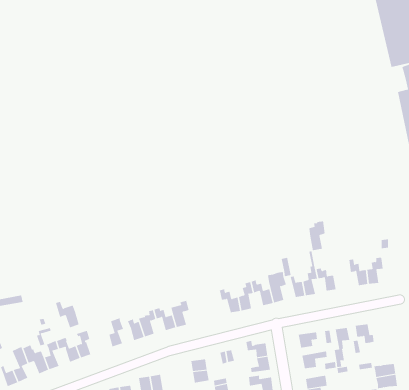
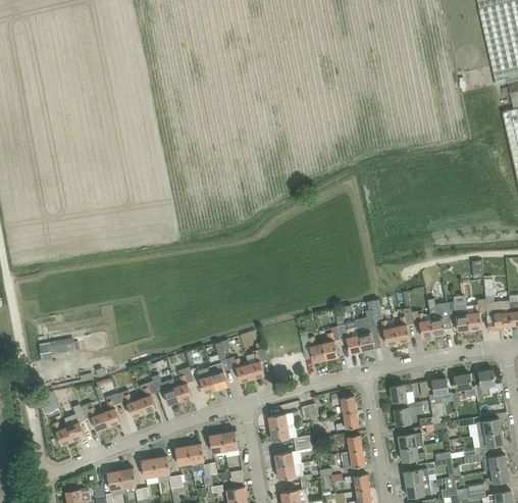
building: [308,221,326,251] -> [429,302,449,336]
building: none -> [485,300,511,326]
building: [55,301,79,328] -> [152,374,179,405]
building: none -> [475,370,495,401]

